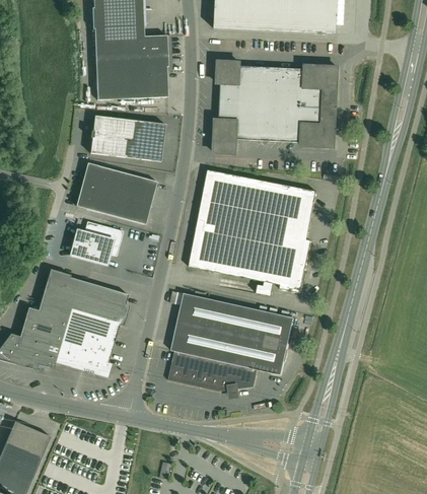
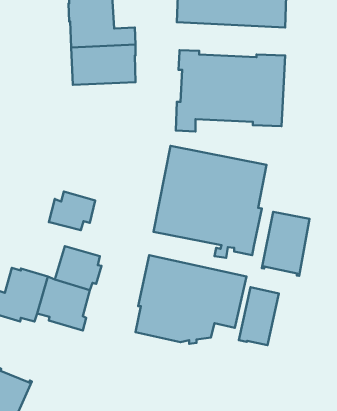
building: [89,115,164,160] -> none
building: [76,162,156,223] -> none
building: none -> [262,212,310,276]
building: [38,268,87,320] -> none
building: none -> [239,287,279,345]

